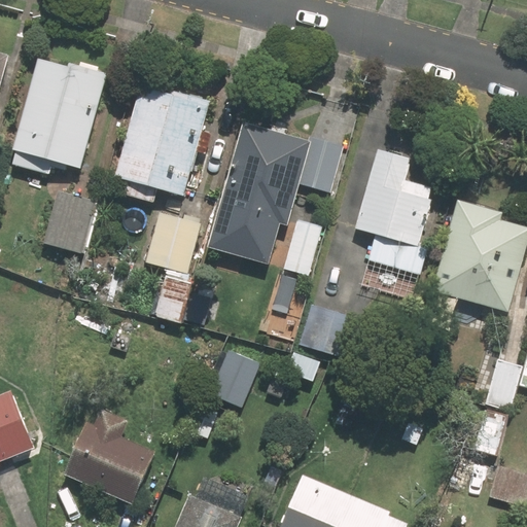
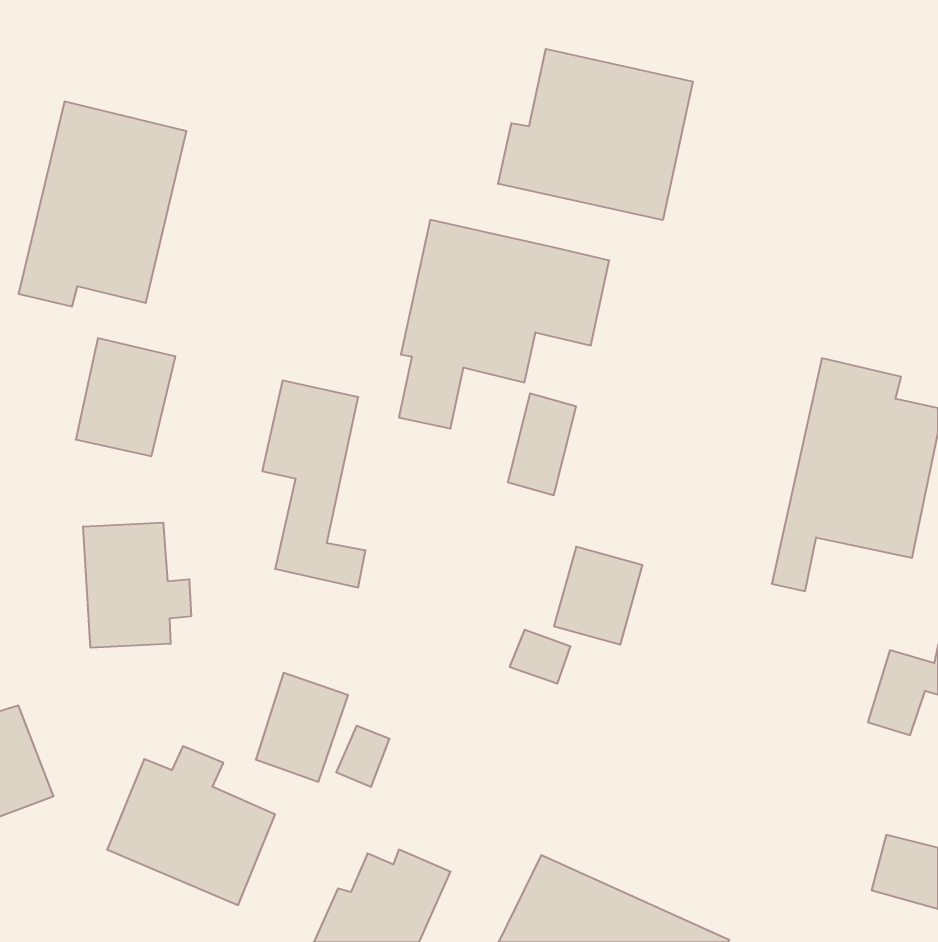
building: none -> [498,49,693,220]
building: [117,84,213,204] -> none
building: [356,148,432,301] -> none
building: none -> [83,523,191,648]
building: [208,346,259,407] -> [256,673,348,782]

